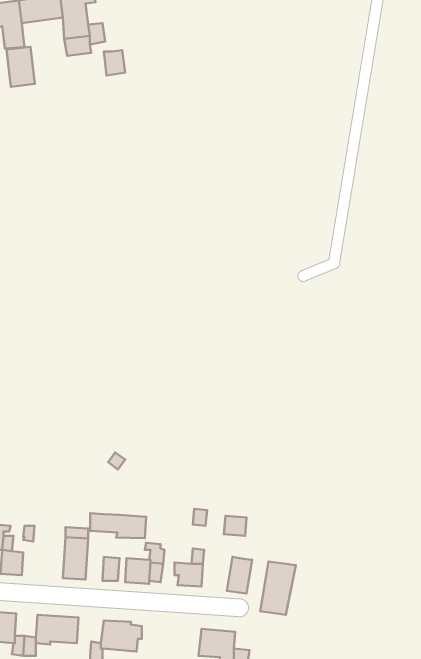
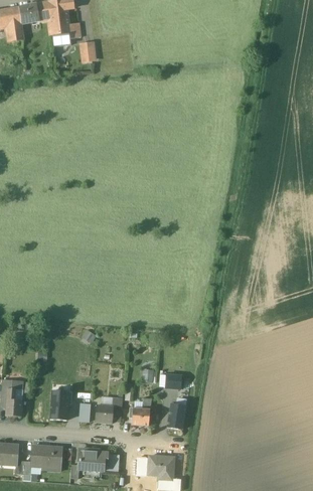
building: [6,47,35,87] -> none
building: [90,513,146,538] -> none
building: [260,561,296,615] -> none

